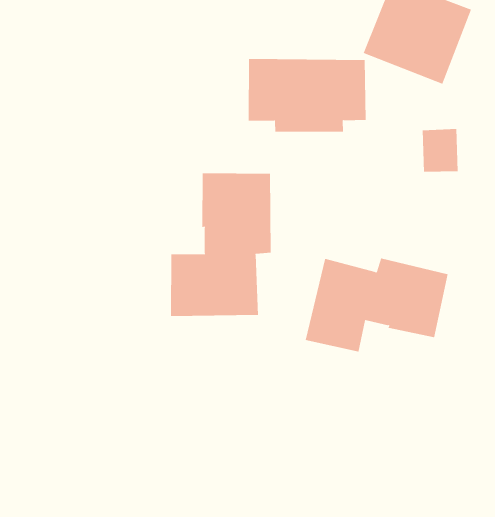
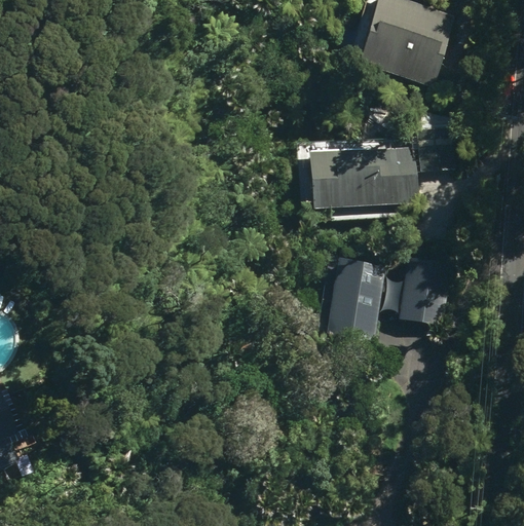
building: [248,59,367,132] -> [305,144,420,218]
building: [170,173,271,317] -> none

